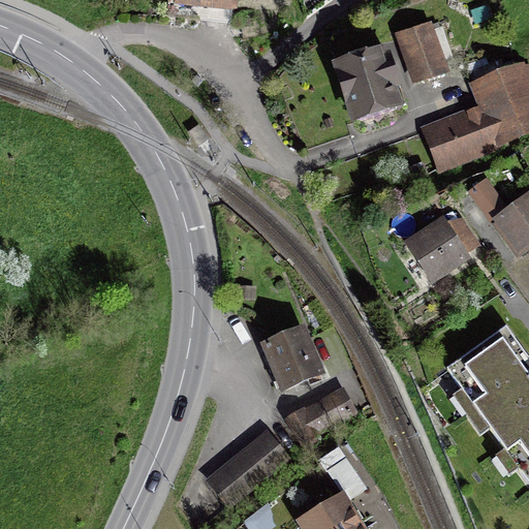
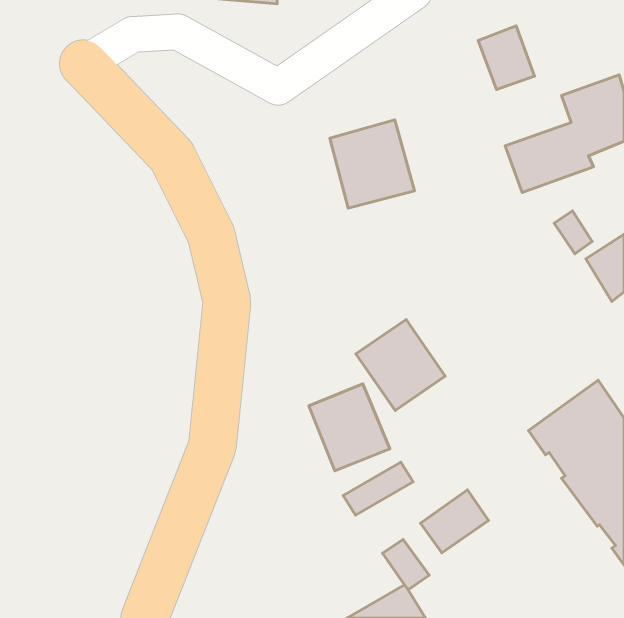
building: [338,46,409,121] -> [330,120,414,208]
building: [397,216,472,292] -> [356,320,445,410]
building: none -> [420,490,488,553]
building: [199,427,288,509] -> none

